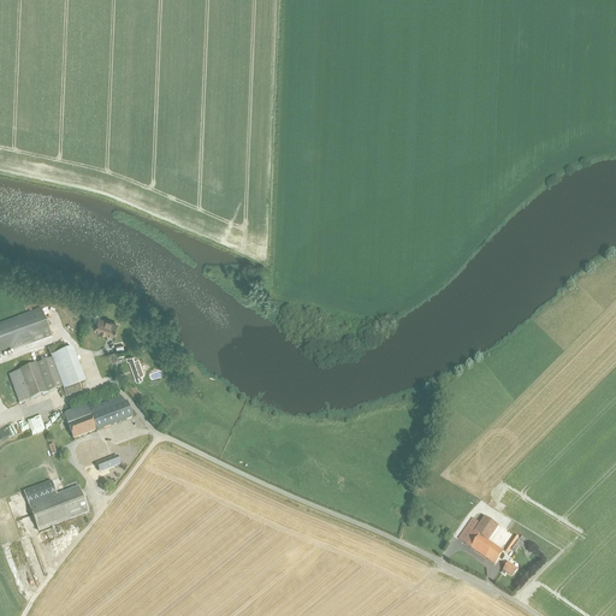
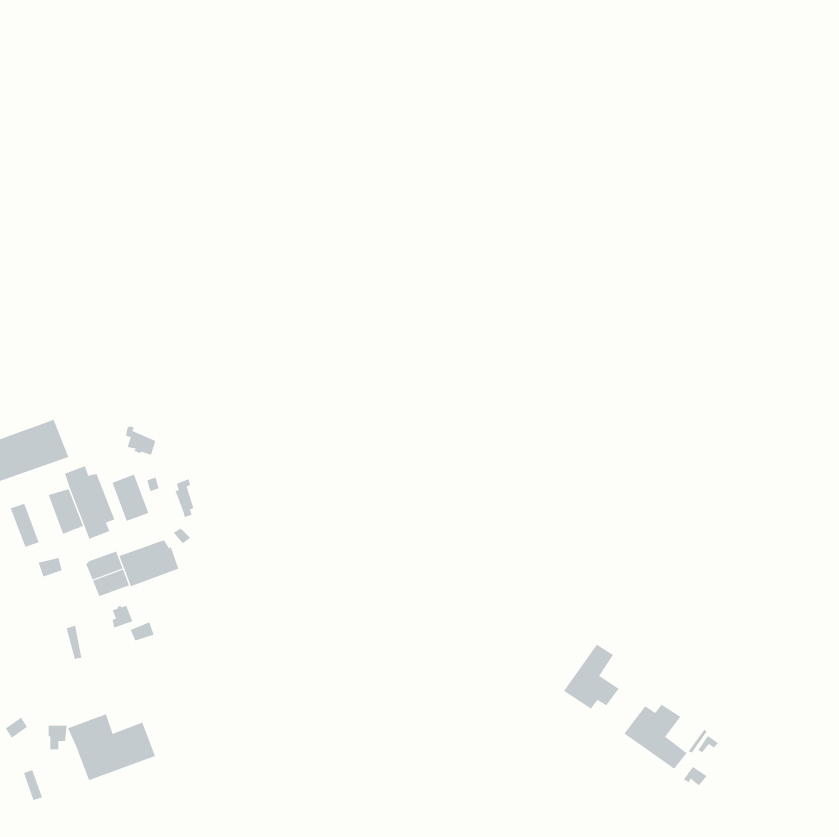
building: [18,362,46,397] -> [111,474,149,521]
building: none -> [563,644,619,710]
building: [22,479,87,528] -> [67,714,156,781]

